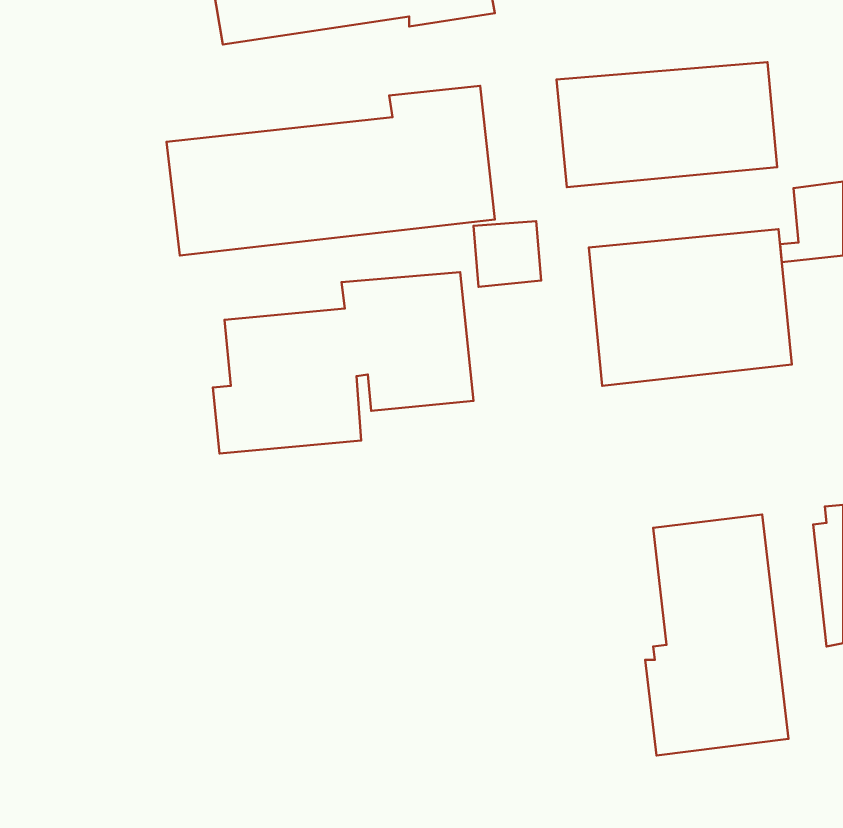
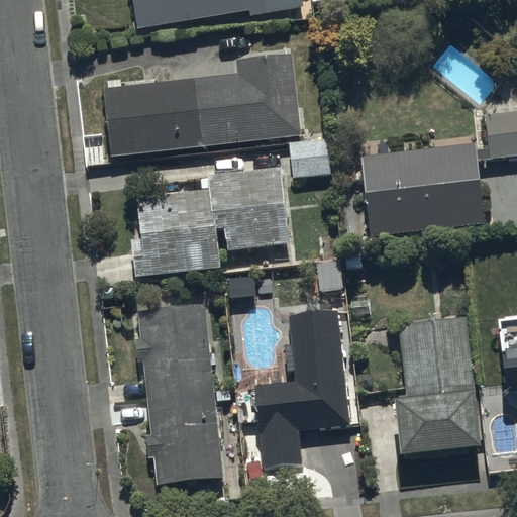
building: [556,62,777,187] -> none
building: none -> [134,303,224,484]
building: none -> [253,305,351,467]

